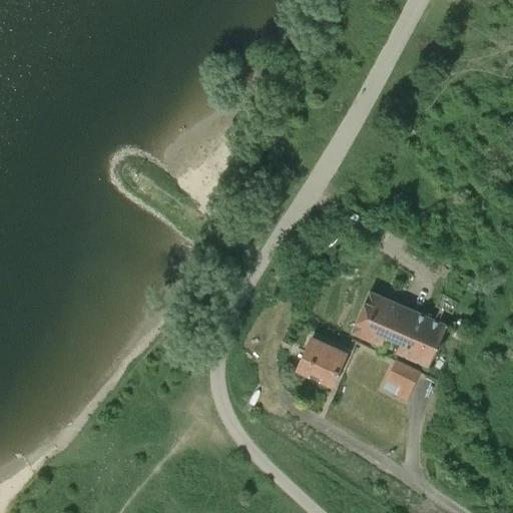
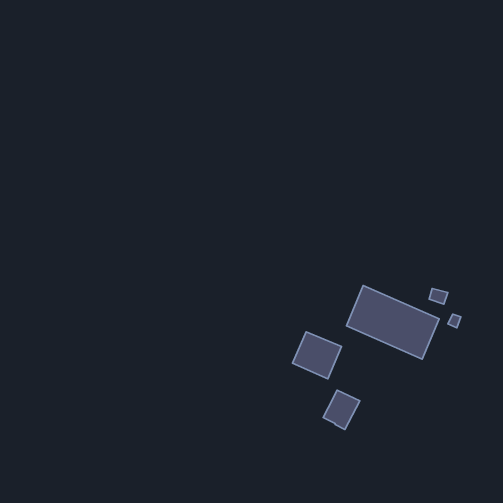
building: [383,361,420,401] -> [323,390,360,429]

